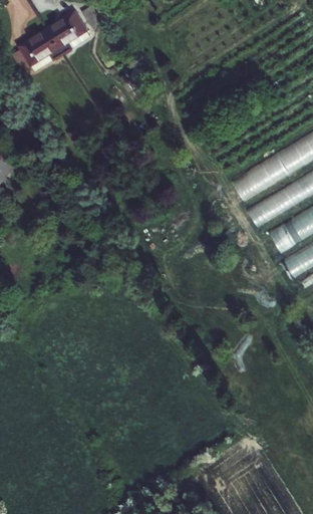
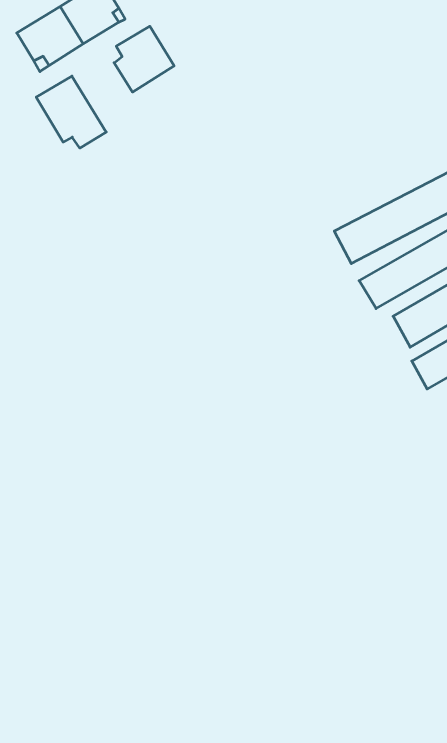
building: none -> [114,26,174,92]
building: none -> [36,76,106,148]

